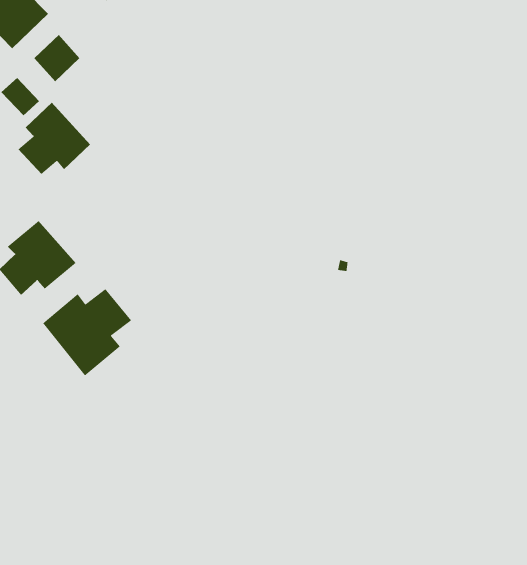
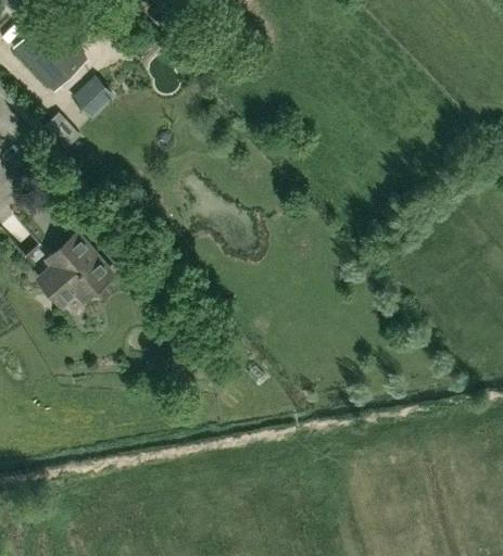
building: [18,102,91,175] -> none
building: [42,288,132,377] -> none

